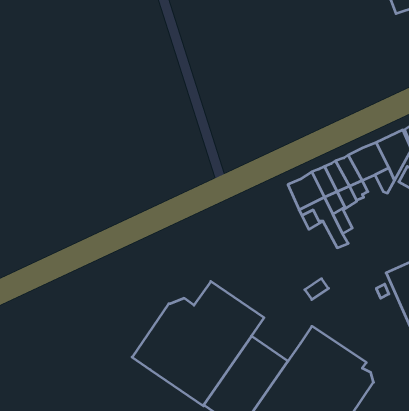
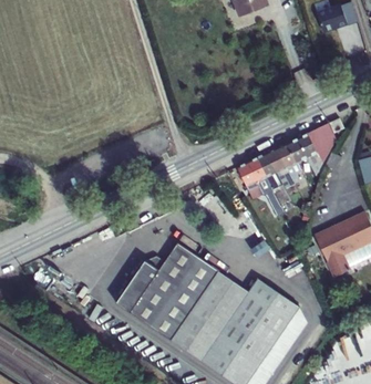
building: none -> [209,271,248,305]

